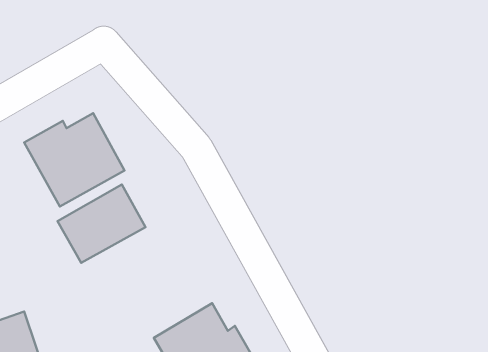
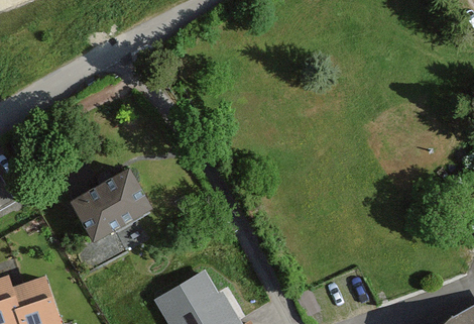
building: [24,113,125,207] -> none

